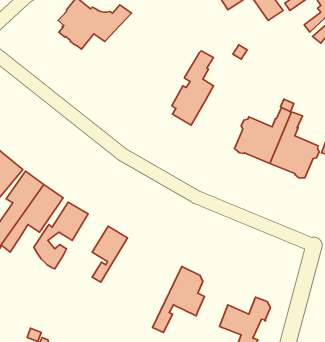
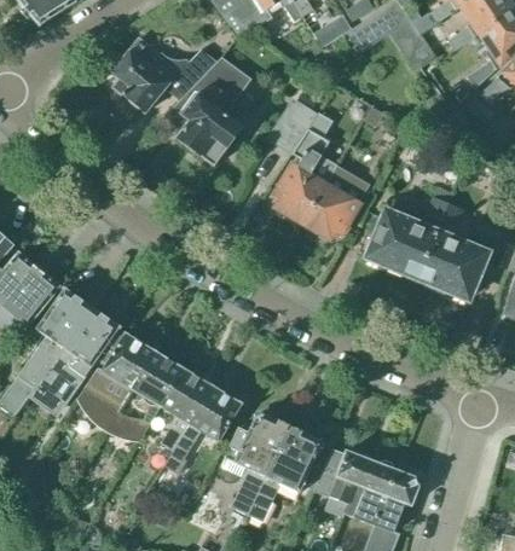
building: none -> [167,60,244,166]
building: none -> [270,103,316,153]
building: none -> [303,161,380,237]
building: none -> [106,350,184,441]
building: none -> [163,385,241,474]
building: none -> [220,414,290,515]
building: none -> [314,451,397,516]

